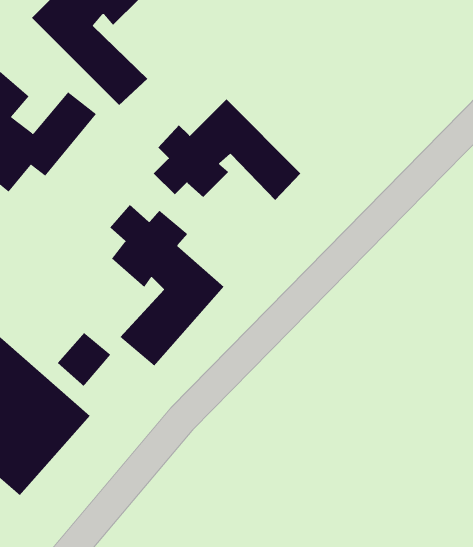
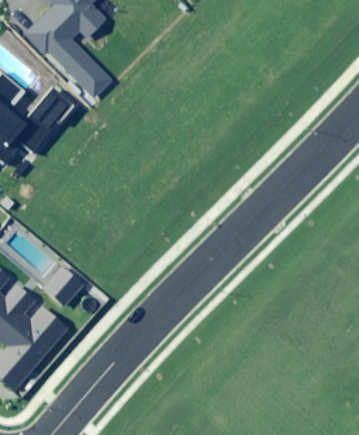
building: [153,99,301,201] -> none
building: [109,204,224,366] -> none

